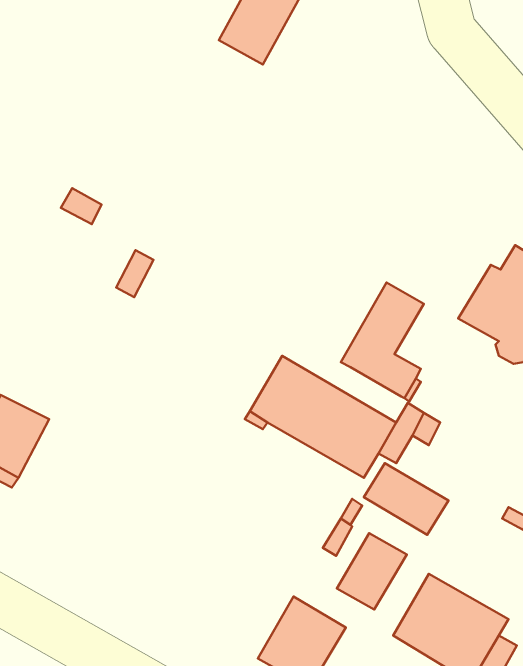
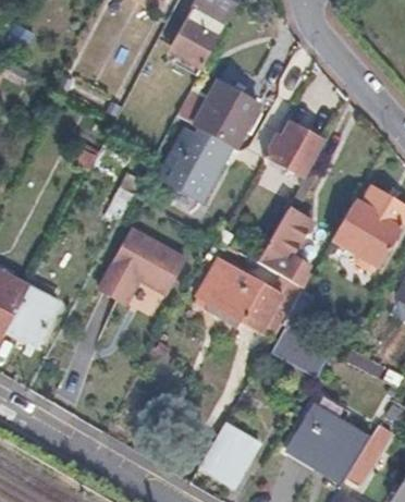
building: none -> [156,82,259,203]
building: none -> [266,123,324,179]
building: none -> [101,231,185,301]
building: [337,533,407,610] -> none

